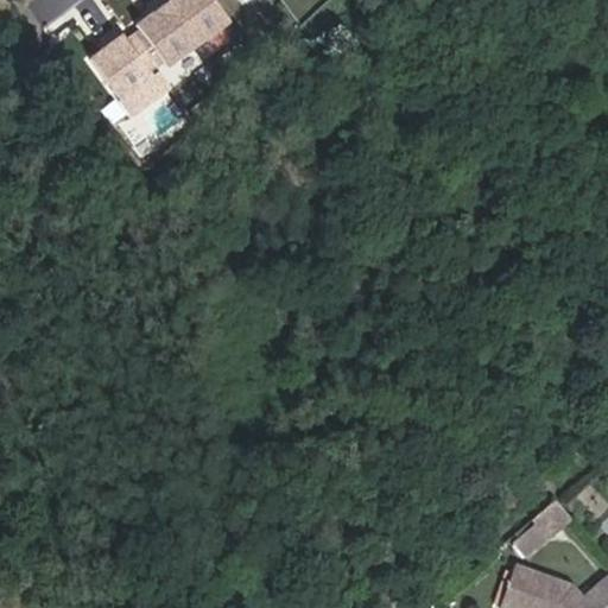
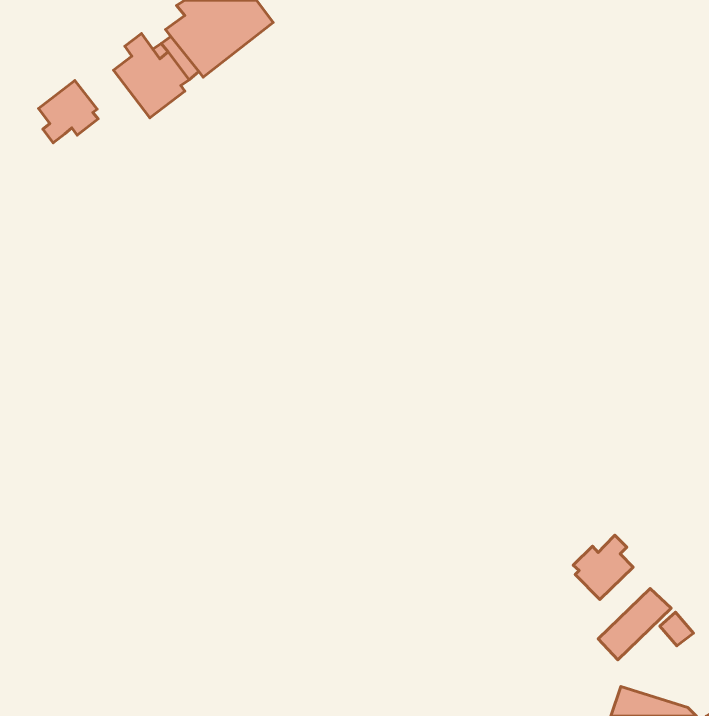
building: none -> [38,80,98,143]
building: none -> [573,535,633,599]

